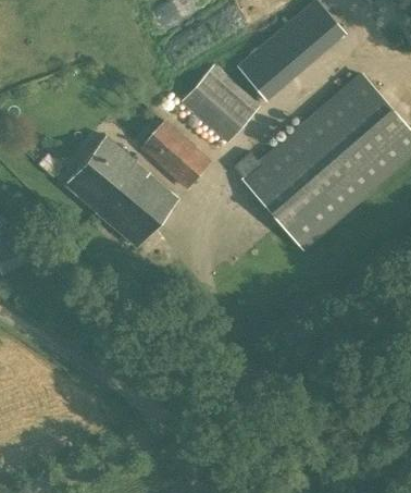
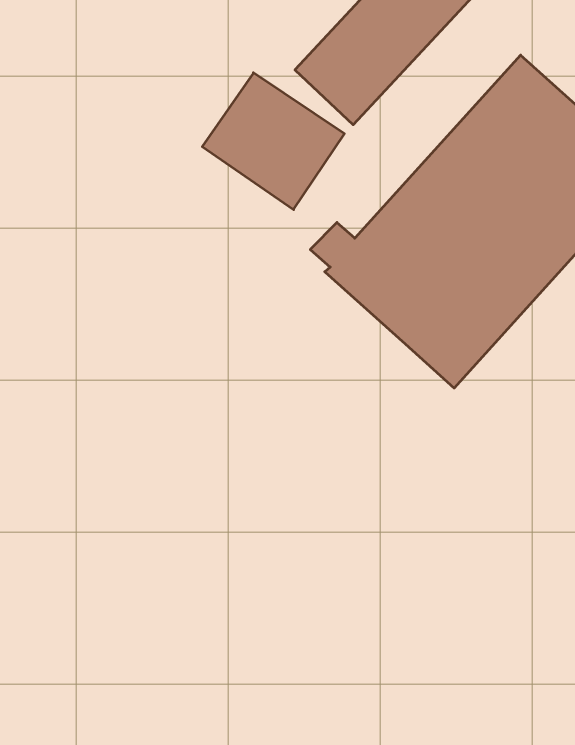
building: [142,120,214,188] -> none
building: [66,136,177,246] -> none

